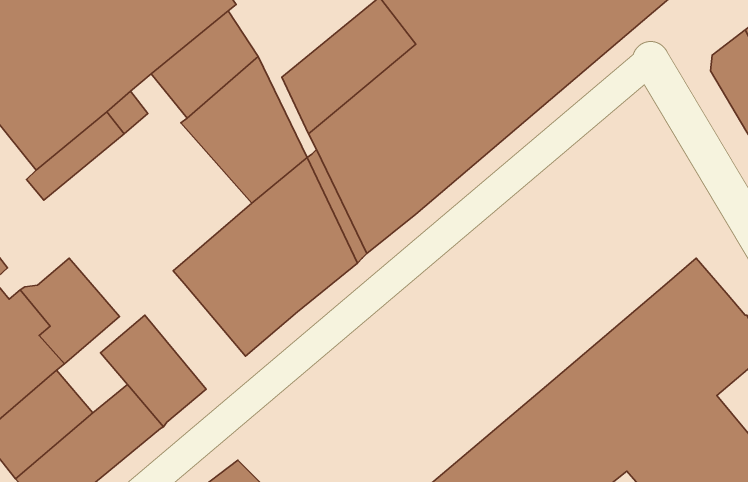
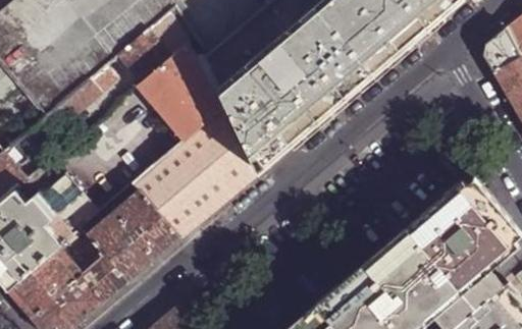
building: none -> [112,194,177,262]

